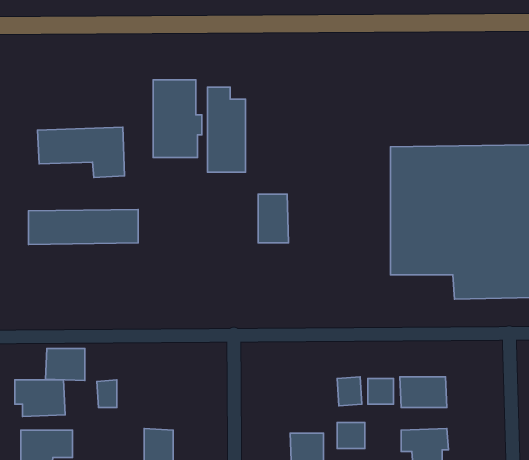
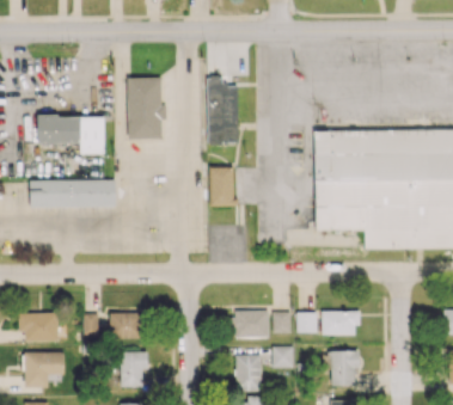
building: [207,87,245,172] -> [208,76,238,143]
building: [45,349,85,381] -> [110,313,141,338]
building: none -> [233,311,269,338]

